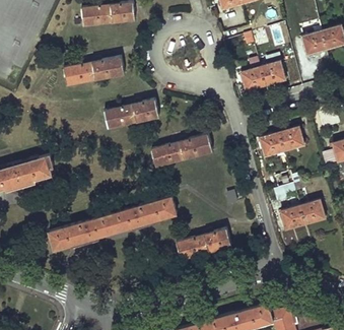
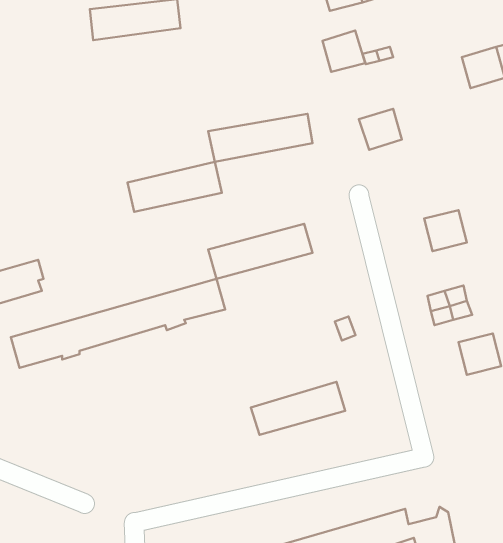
building: [62,57,124,85] -> [208,114,313,162]
building: [260,61,285,85] -> [322,31,365,72]
building: [258,132,283,156] -> none
building: [49,198,176,251] -> [11,279,225,368]
building: [279,205,303,229] -> none

